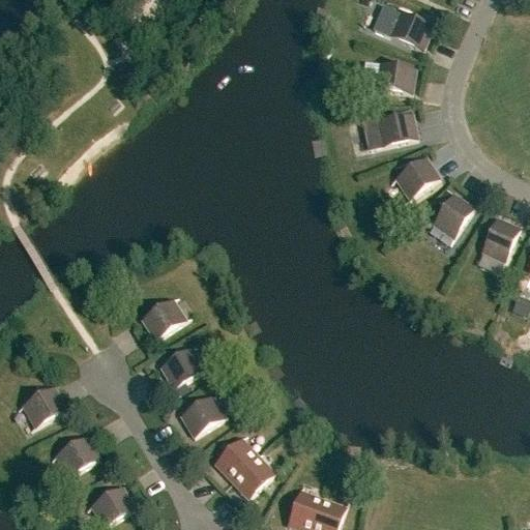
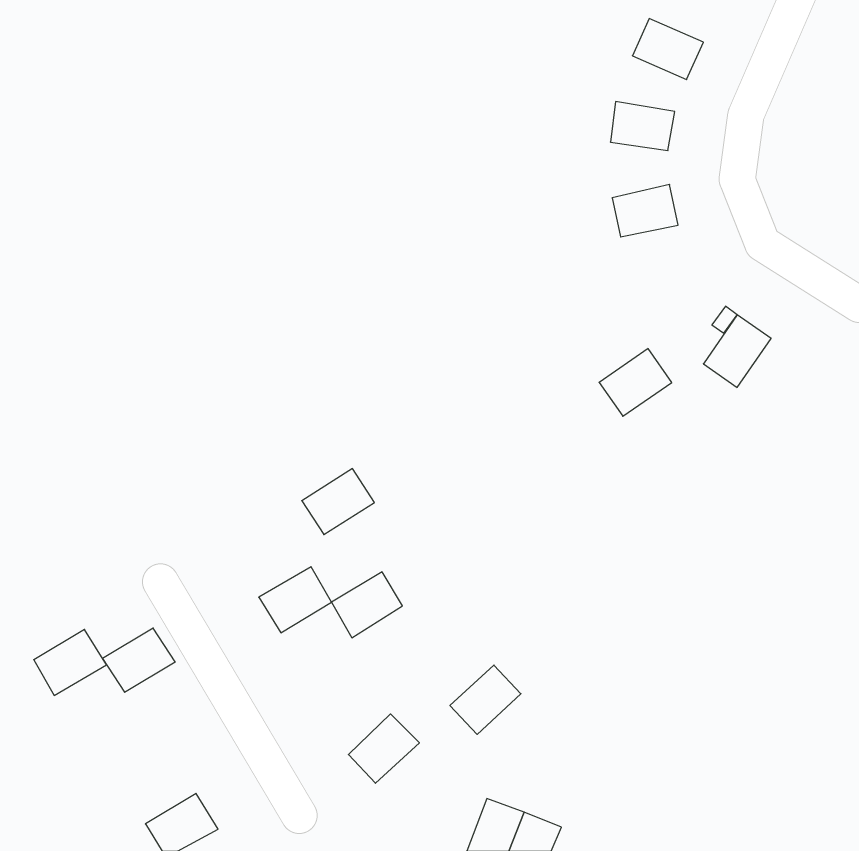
building: [393,156,438,198] -> [599,349,672,416]
building: [479,216,518,261] -> none
building: [140,298,184,338] -> [302,469,374,535]
building: [179,395,223,436] -> [331,572,402,638]
building: [54,436,98,475] -> [103,628,175,692]
building: [230,454,273,497] -> [450,665,521,734]

